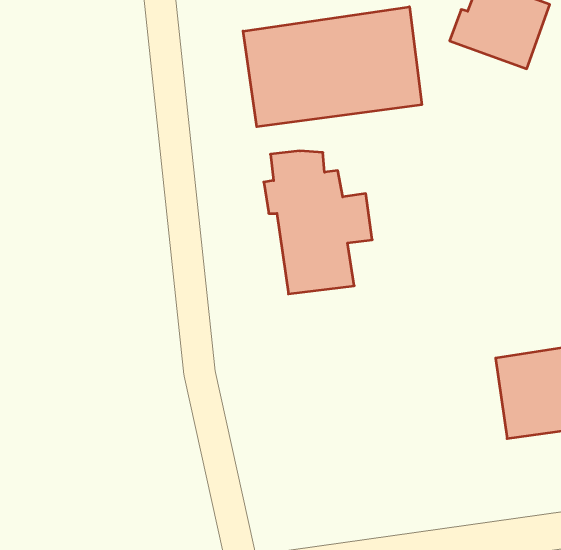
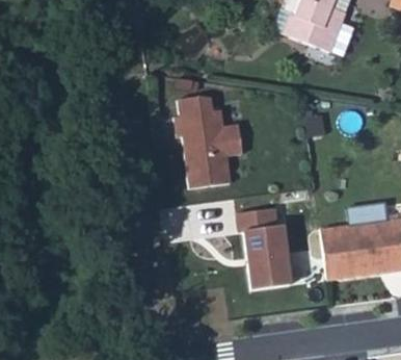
building: [243,7,422,127] -> none
building: none -> [232,209,287,290]

